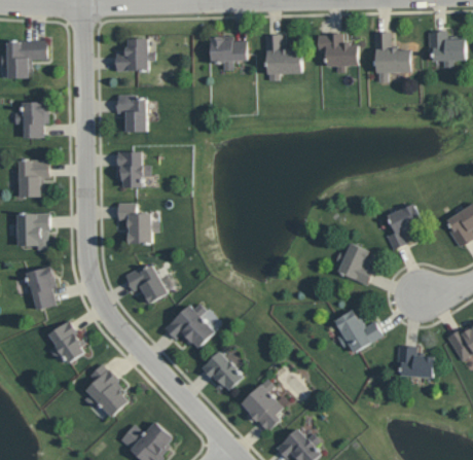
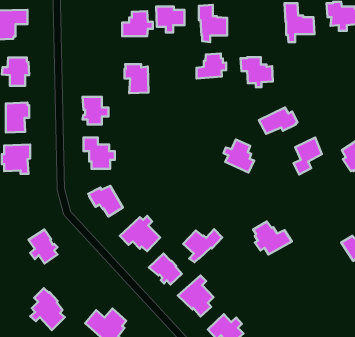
building: [317,33,358,71] -> [241,57,273,87]
building: [115,38,154,70] -> [122,11,153,36]
building: [115,95,146,132] -> [124,64,149,93]
building: none -> [196,54,226,78]
building: none -> [259,107,297,134]
building: [334,242,373,284] -> [224,139,254,172]
building: [25,266,56,309] -> none
building: none -> [183,229,222,262]
building: [396,345,434,378] -> none
building: [83,363,128,417] -> [30,288,65,330]

